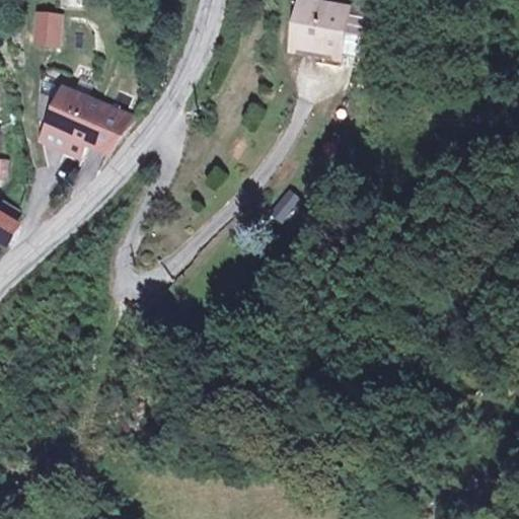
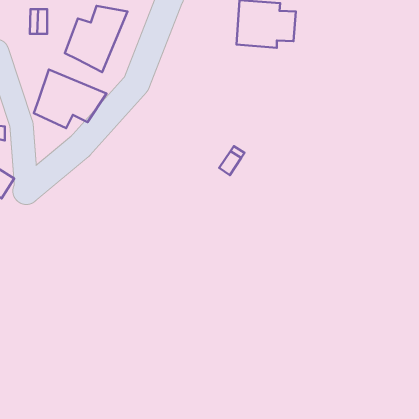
building: none -> [65,6,127,72]

